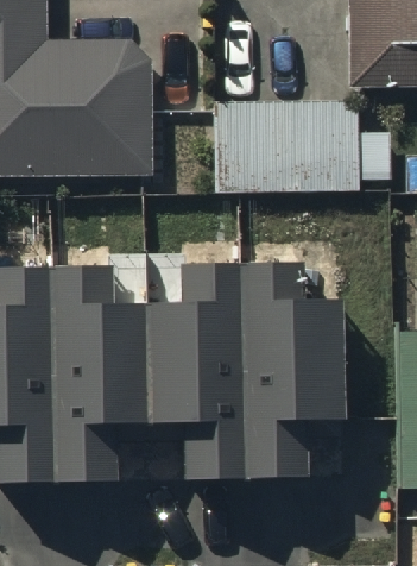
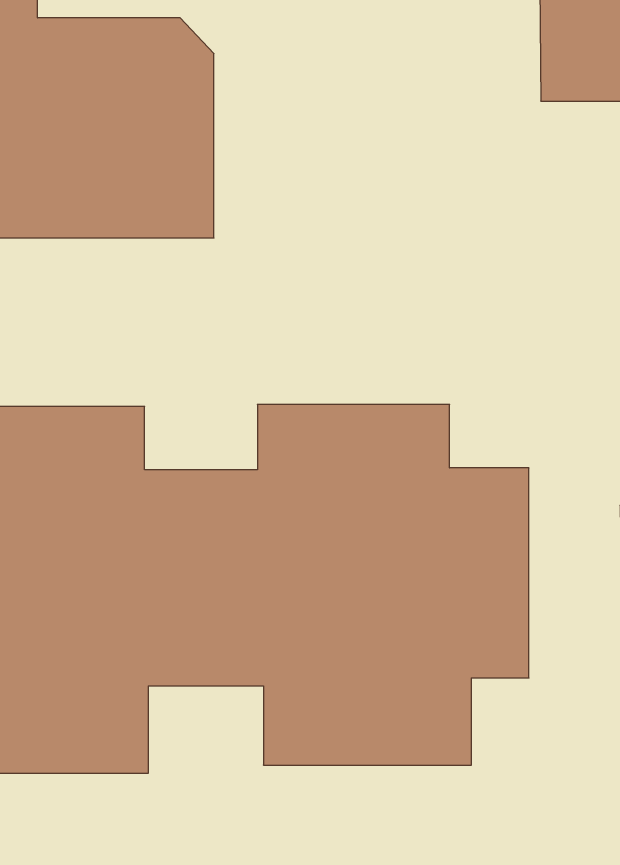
building: [220,100,390,189] -> none

